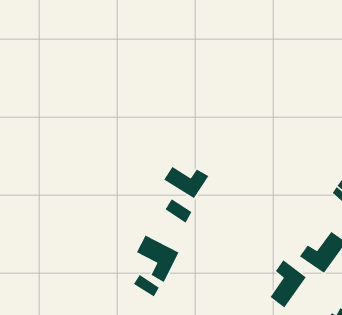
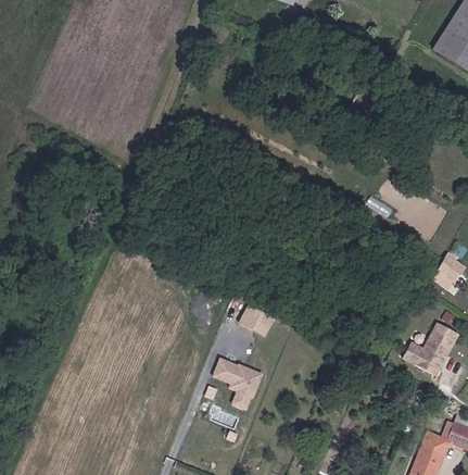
building: [163,166,209,199] -> none
building: [269,259,307,308] -> none

